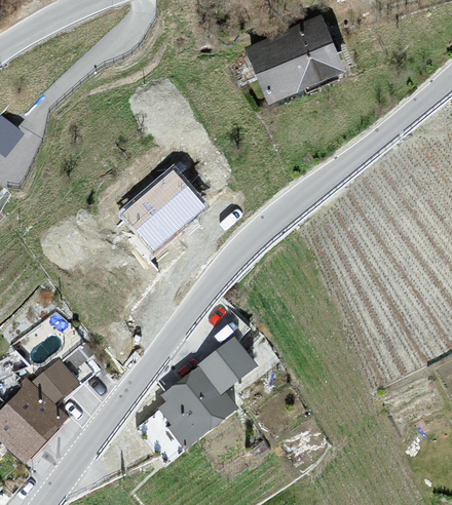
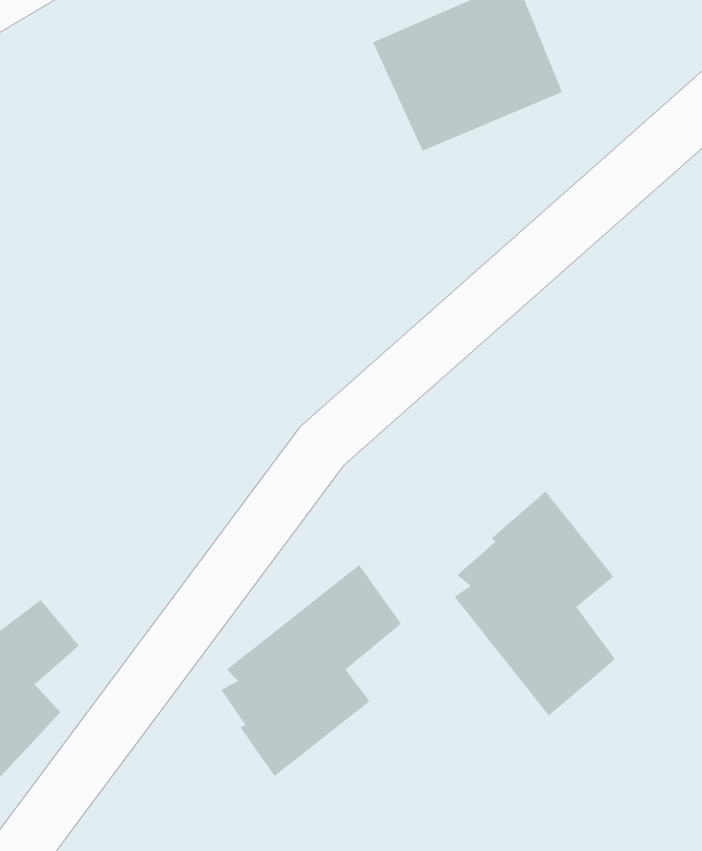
building: [118,164,202,245] -> none
building: none -> [454,491,616,716]

